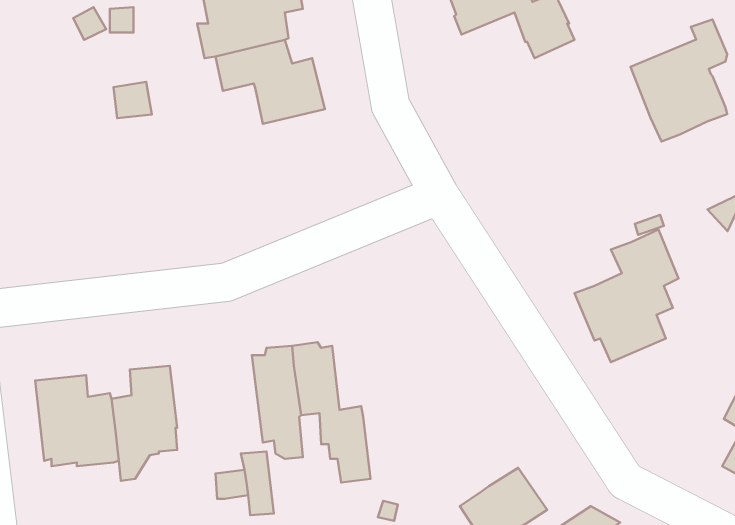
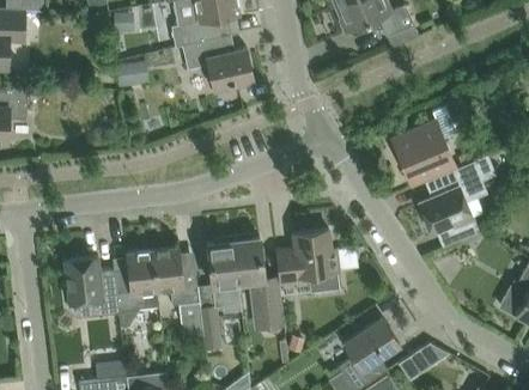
building: [631,20,727,142] -> [391,106,455,187]
building: none -> [275,228,338,284]
building: none -> [152,246,199,305]

